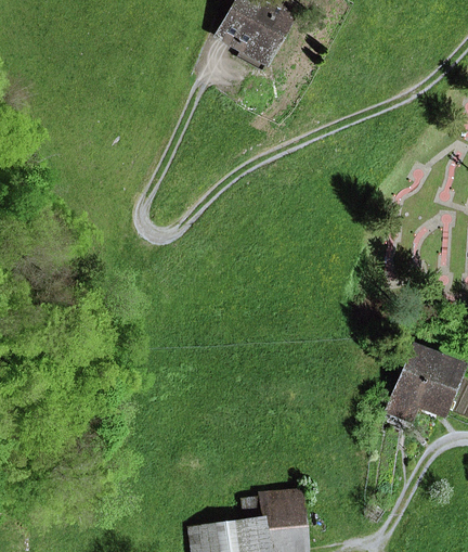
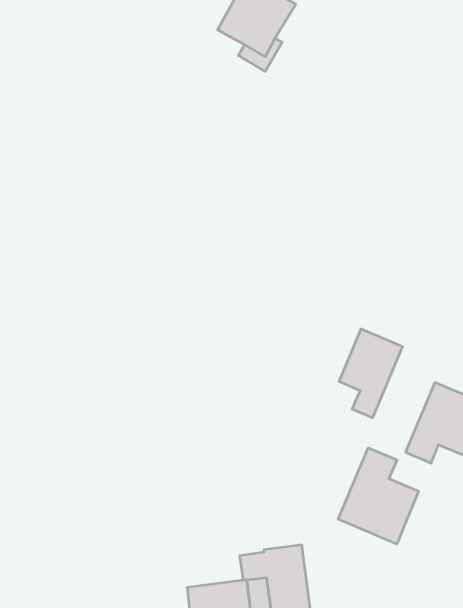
building: none -> [339,329,402,418]
building: none -> [338,448,419,544]

